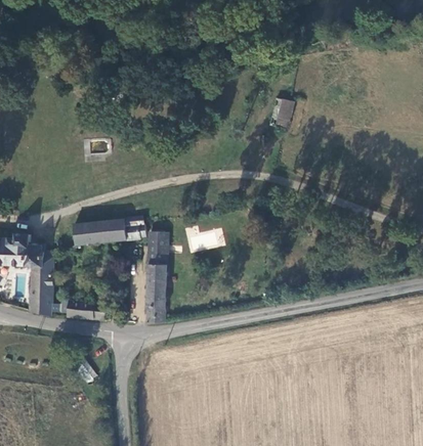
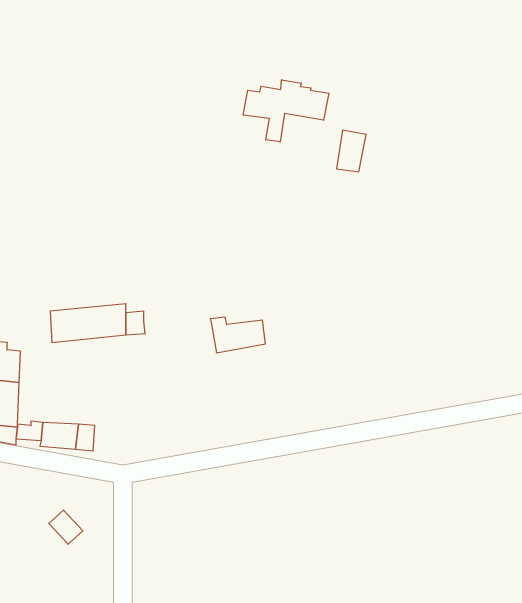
building: none -> [243,80,329,142]
building: [144,232,167,323] -> none

